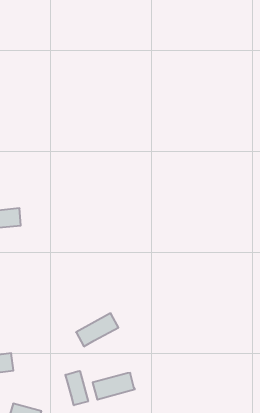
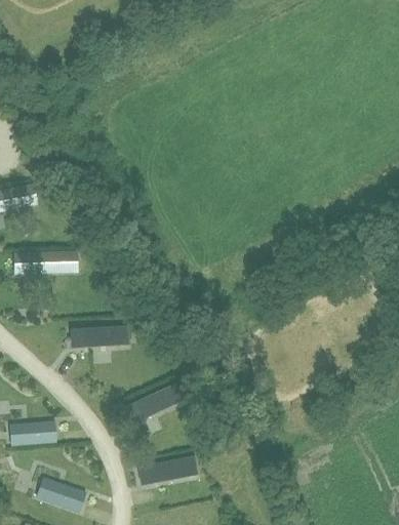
building: none -> [78,325,125,347]
building: [65,371,88,405] -> none

